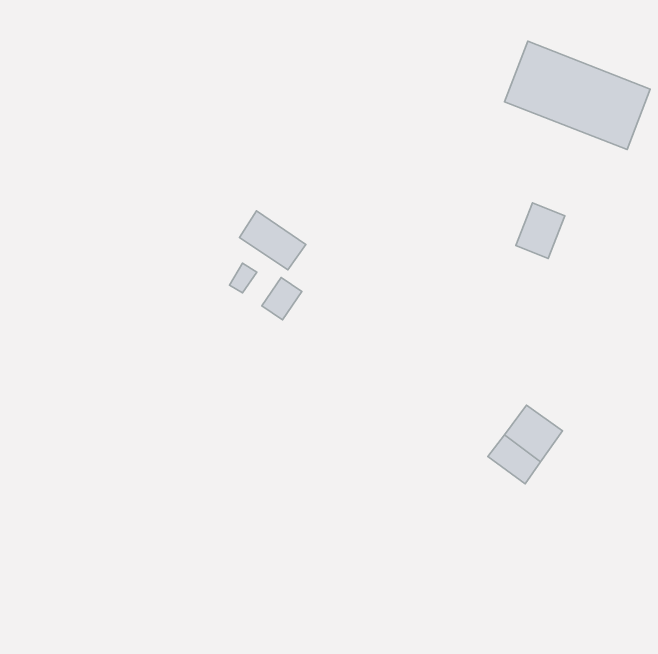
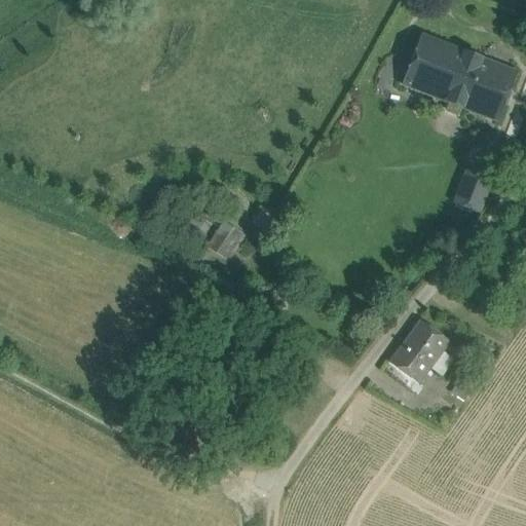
building: [516,203,565,258] -> [454,166,493,211]
building: [239,211,306,270] -> none

